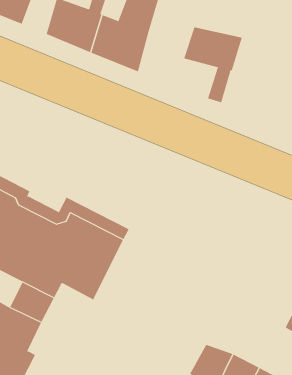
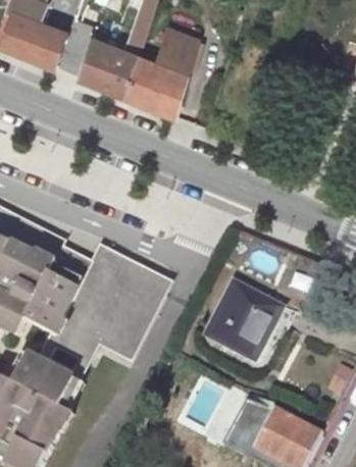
building: [184,27,242,103] -> none
building: none -> [207,284,281,361]

